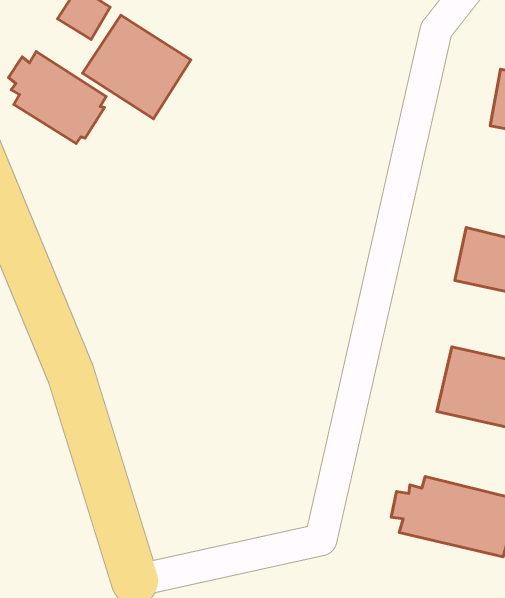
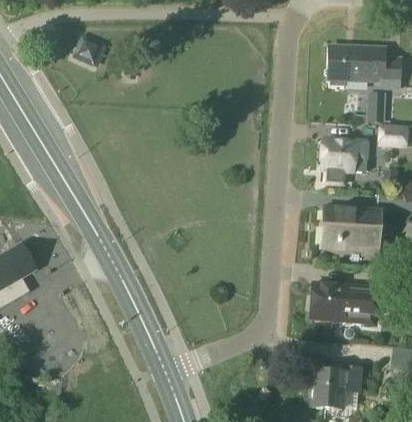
building: [82,15,191,119] -> none
building: [9,52,106,143] -> none

